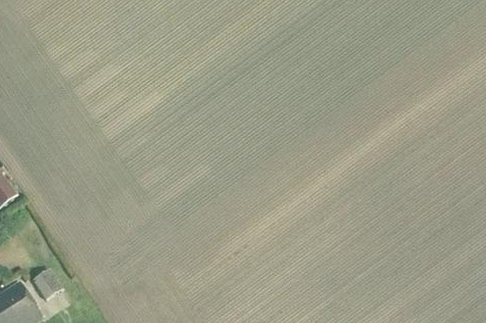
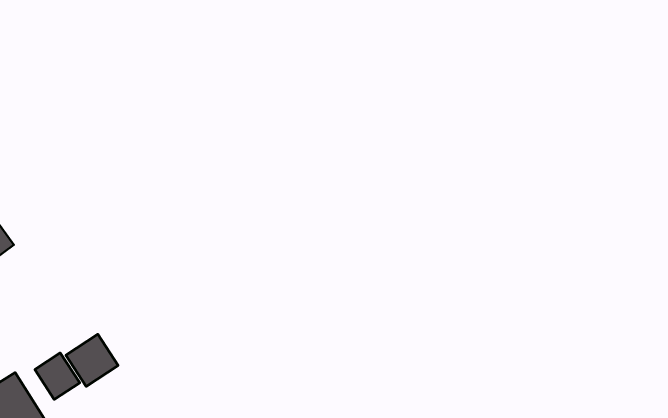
building: none -> [66,334,118,386]

